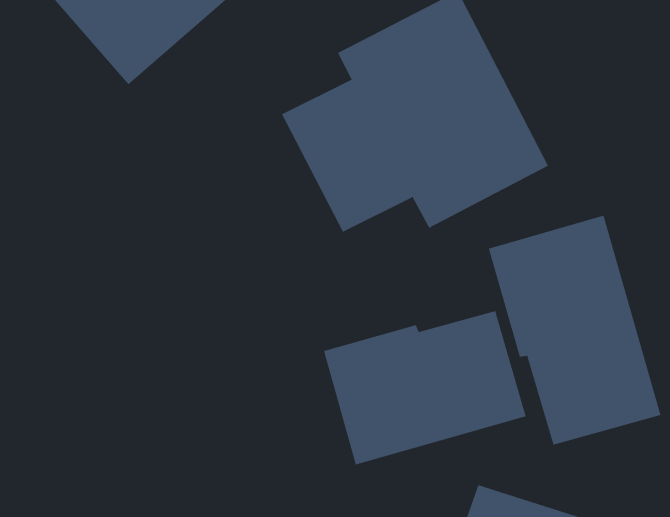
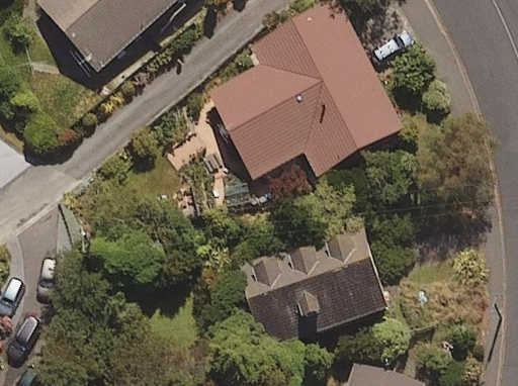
building: [488,215,661,446] -> none

